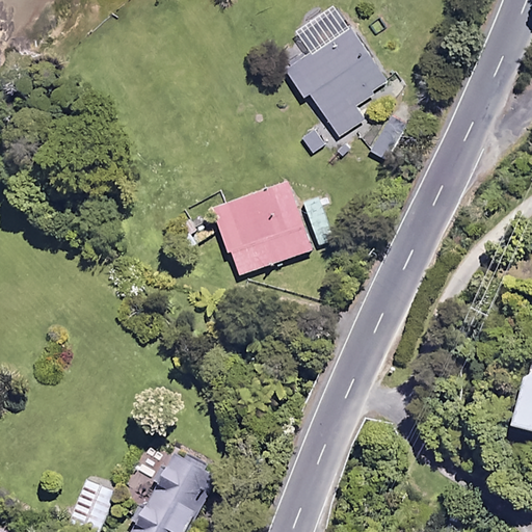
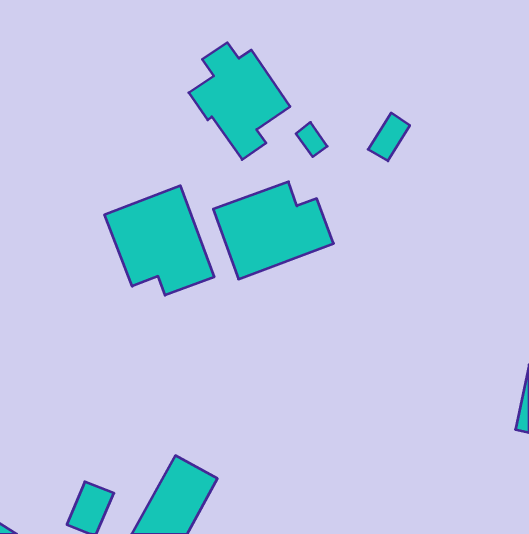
building: [286,18,387,134] -> [189,43,290,160]
building: none -> [105,186,214,295]

